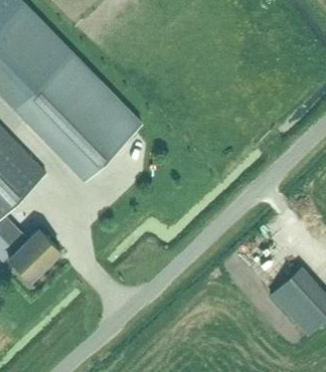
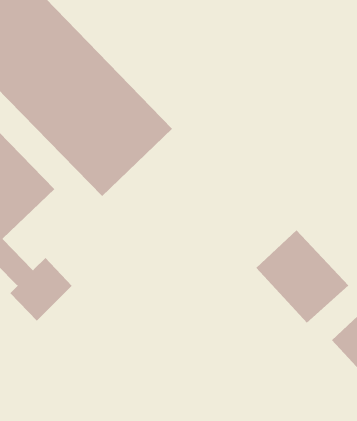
building: none -> [256,230,349,324]

